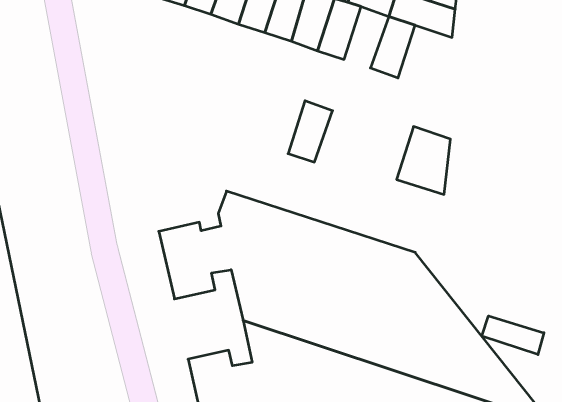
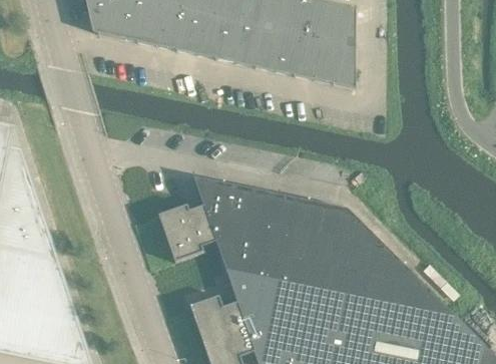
building: [288,101,333,162] -> [278,31,307,75]
building: [397,127,450,194] -> [319,40,355,87]
building: [482,316,544,355] -> none

